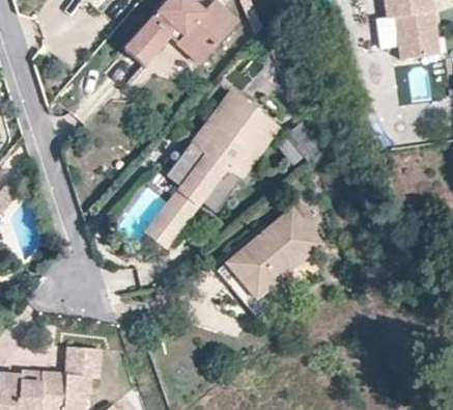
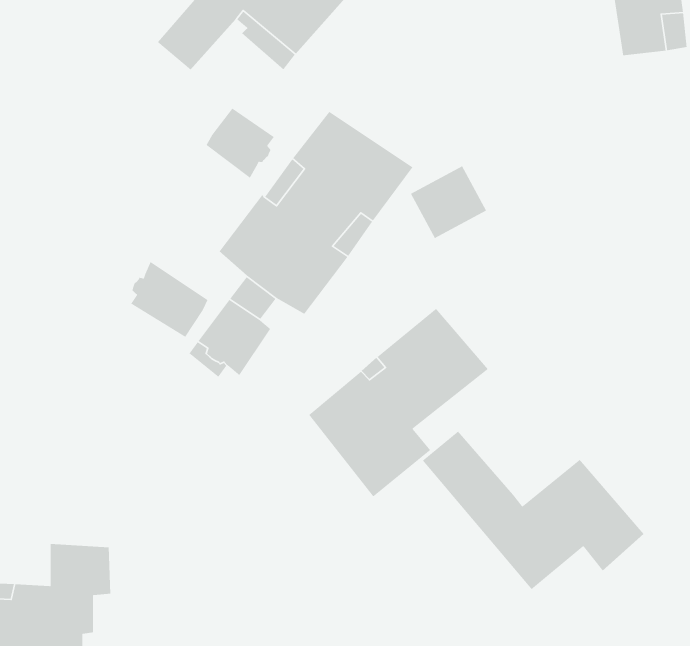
building: none -> [205,108,275,179]
building: none -> [130,261,208,338]
building: none -> [422,431,644,590]

